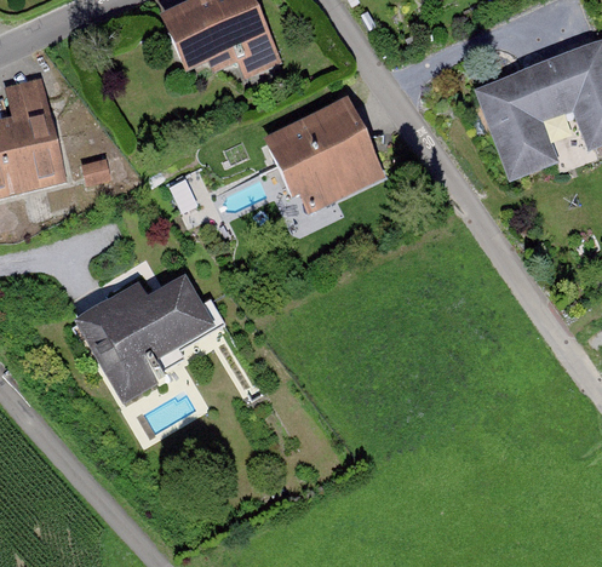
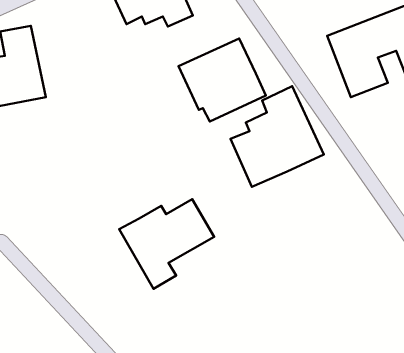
building: none -> [231,86,324,187]
building: [76,274,213,403] -> [119,199,214,289]

